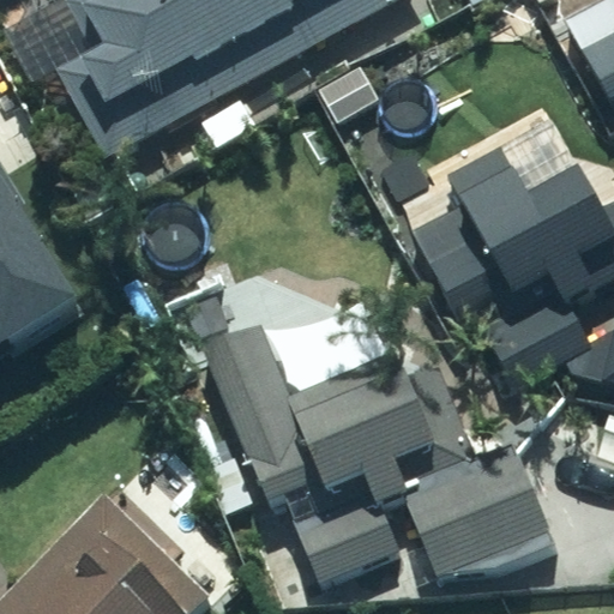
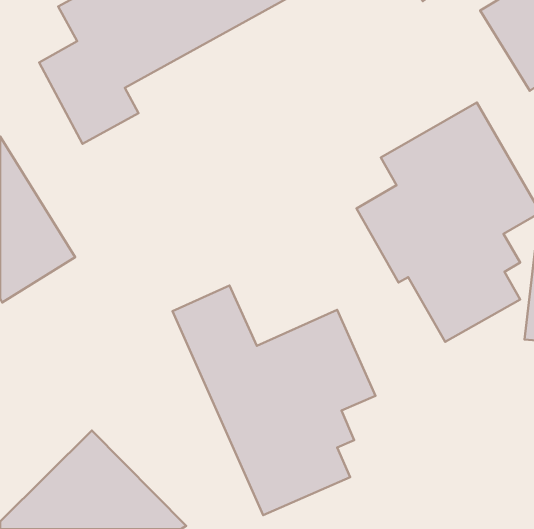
building: [404,453,561,594] -> none

